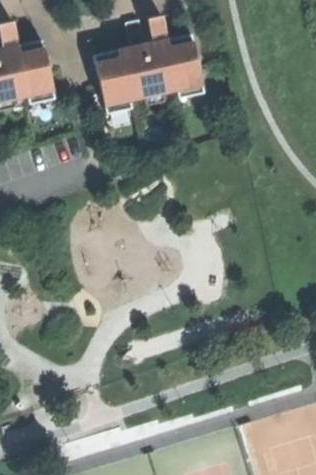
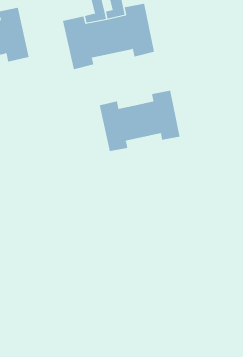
building: none -> [99,90,180,152]

